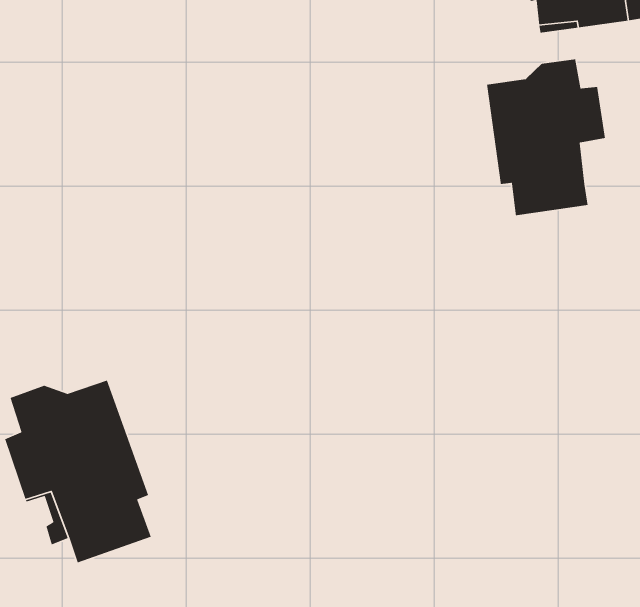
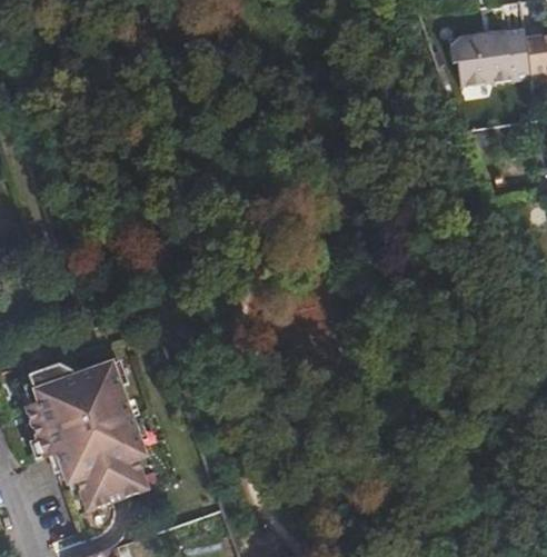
building: [486,58,606,216] -> none

